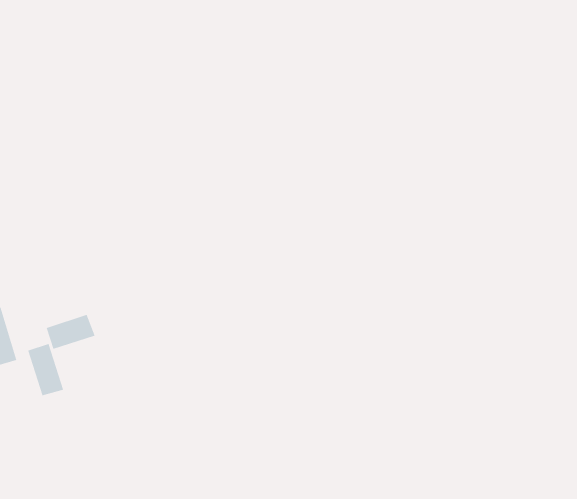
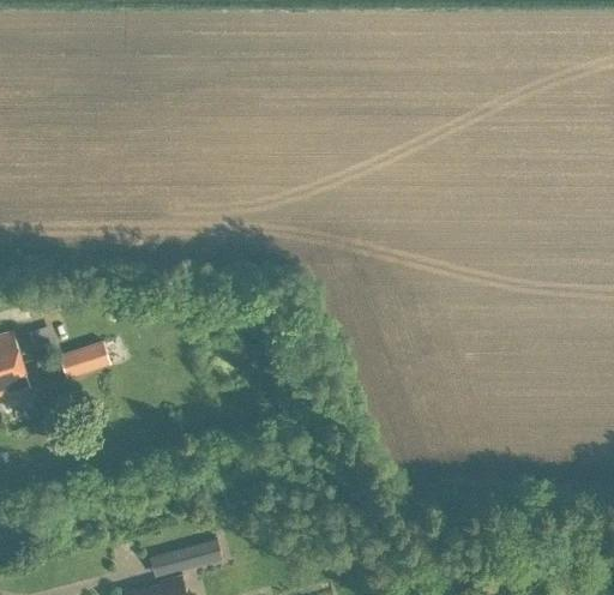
building: [28,343,64,396] -> none

